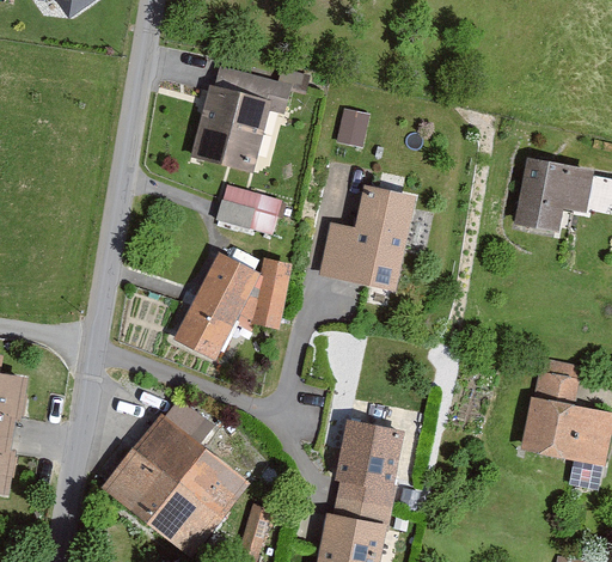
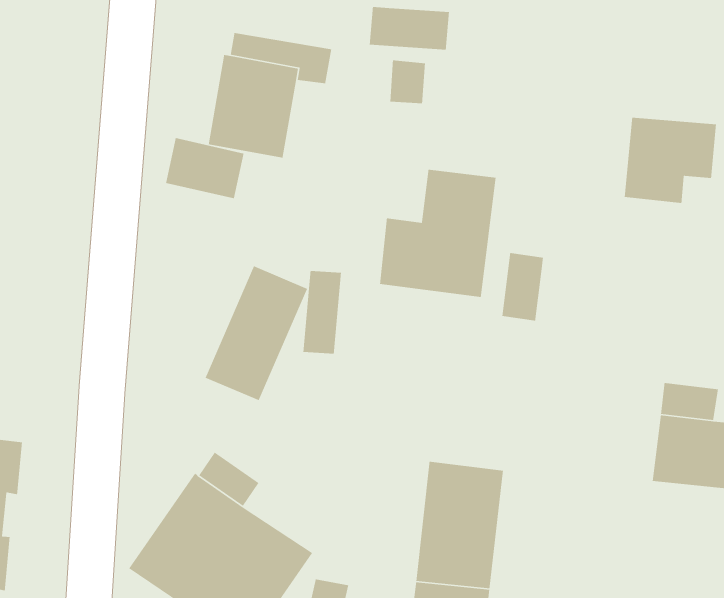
building: none -> [369,6,450,50]
building: [215,185,280,238] -> [165,137,245,199]
building: none -> [501,252,544,321]

